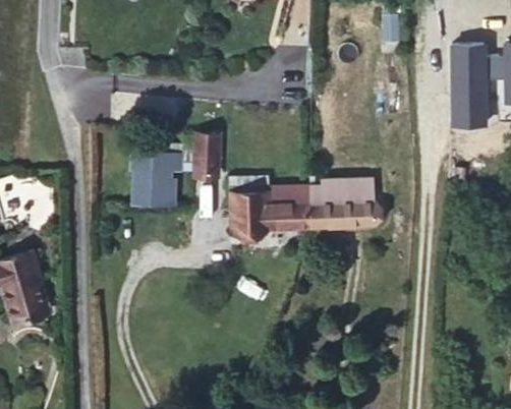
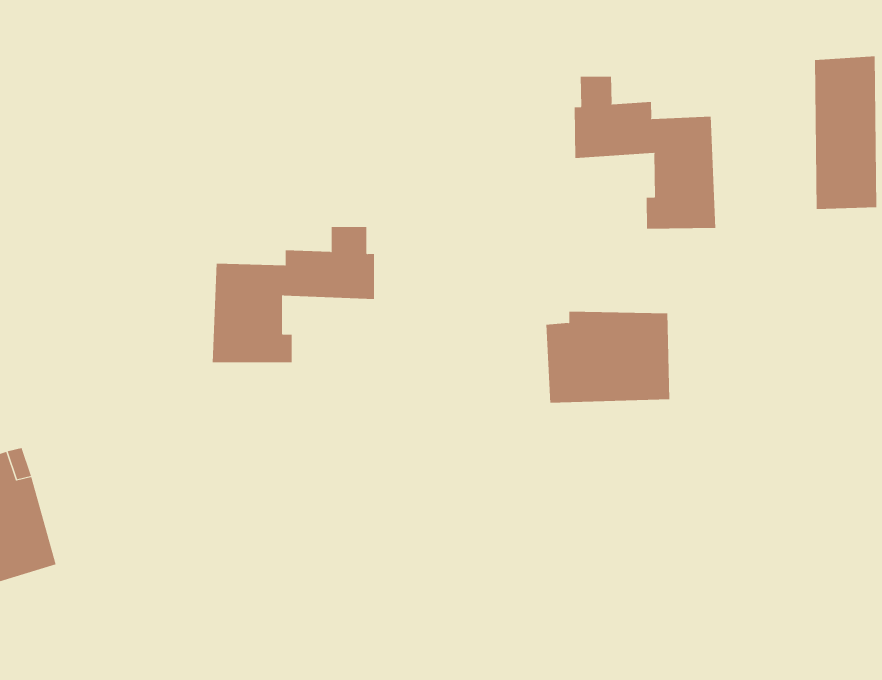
building: none -> [574,76,716,229]
building: [230,179,311,230] -> none

